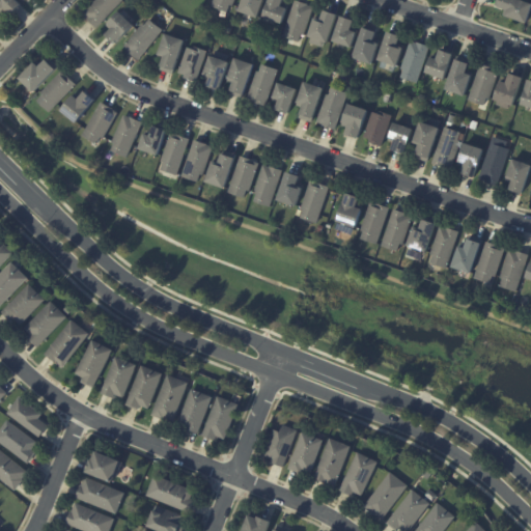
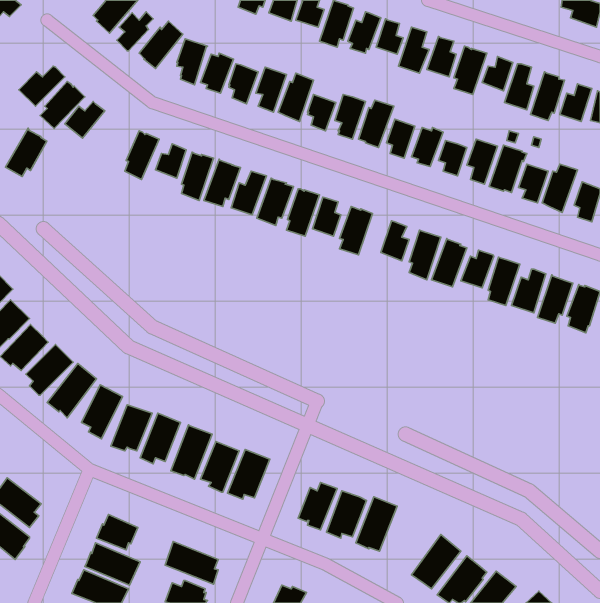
building: [80,102,116,144] -> [6,128,47,177]
building: [5,398,46,438] -> none
building: [338,450,375,494] -> none

